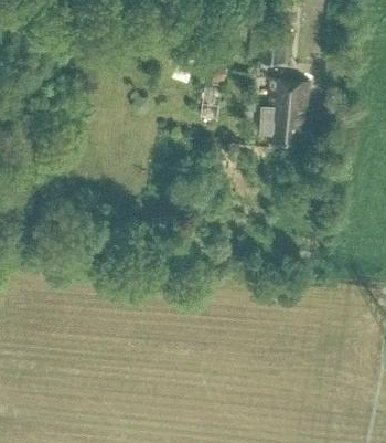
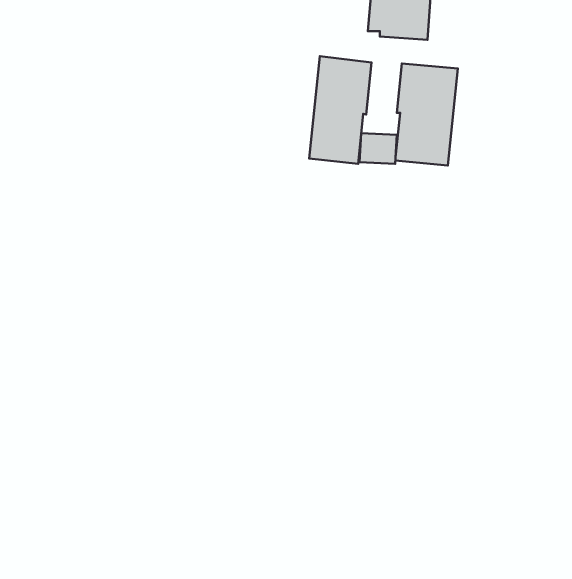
building: none -> [309,56,372,164]

